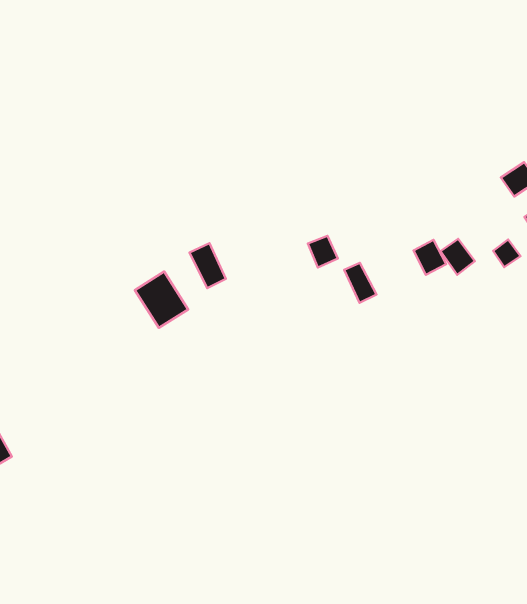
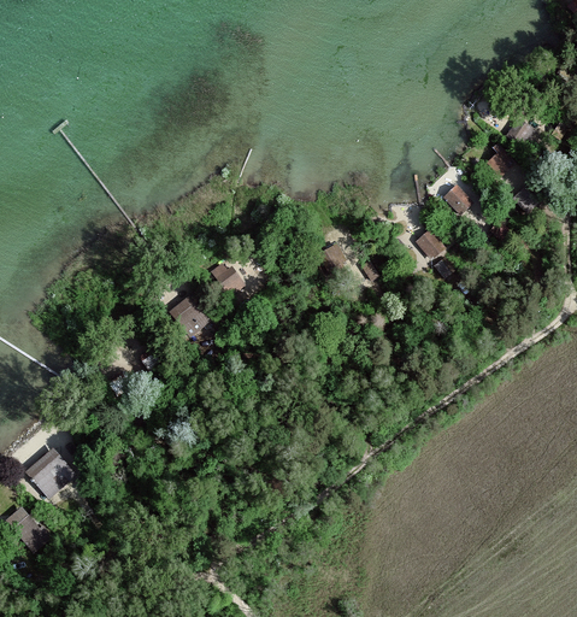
building: [440,239,475,275] -> [443,184,476,217]

